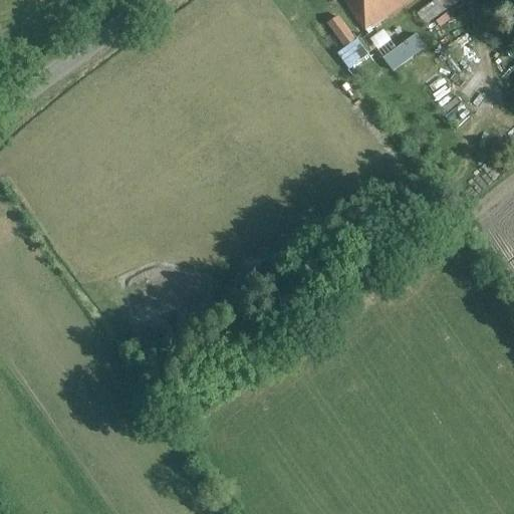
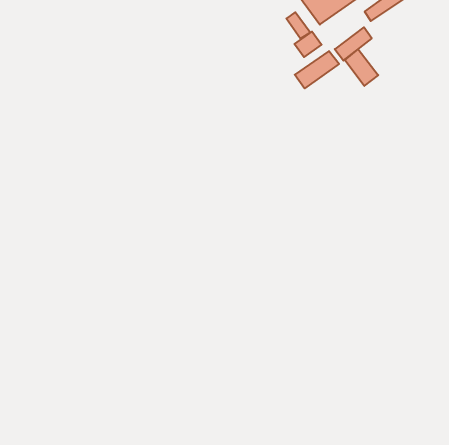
building: none -> [345,49,378,86]
building: none -> [295,51,339,88]

